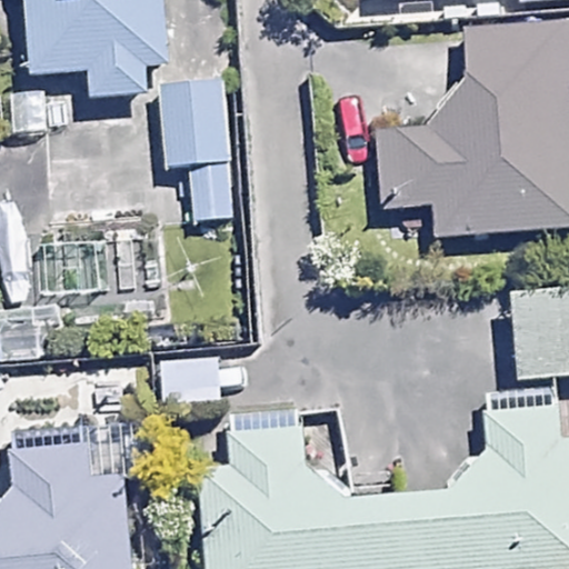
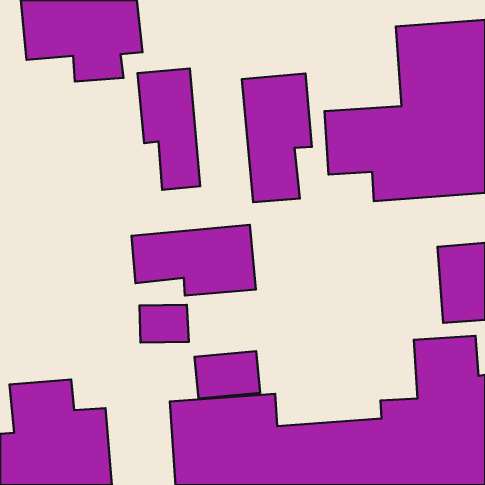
building: none -> [242,74,312,202]
building: none -> [131,225,256,296]

